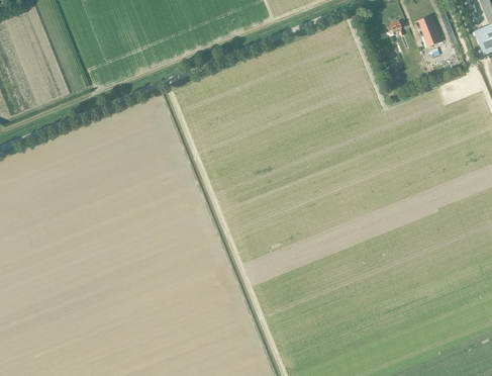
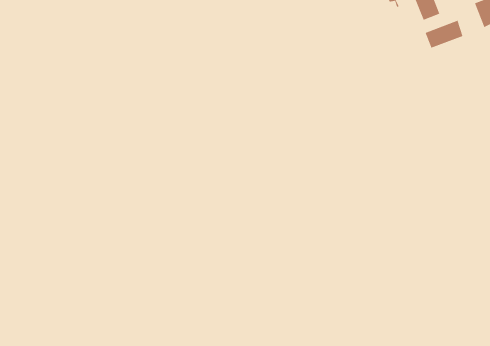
building: none -> [425,20,463,49]

